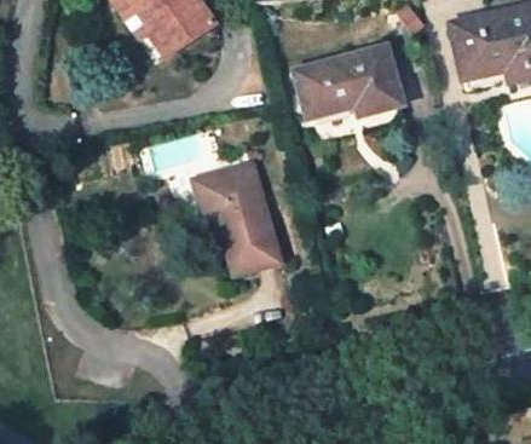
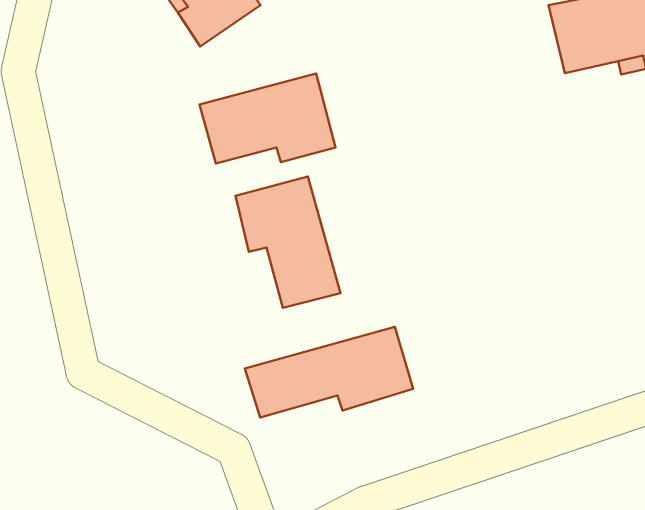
building: [292,44,403,117] -> [200,74,336,164]
building: none -> [245,327,413,418]

